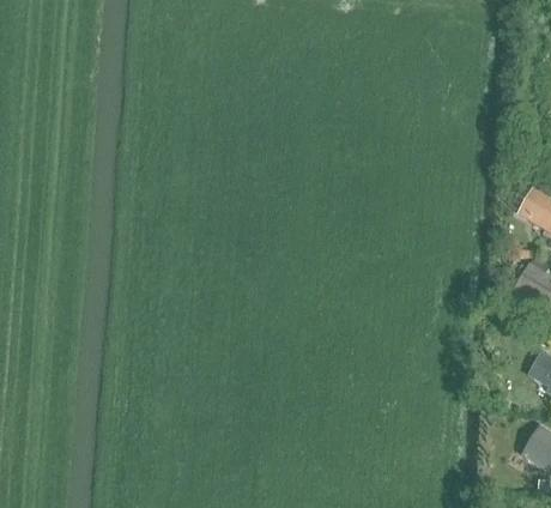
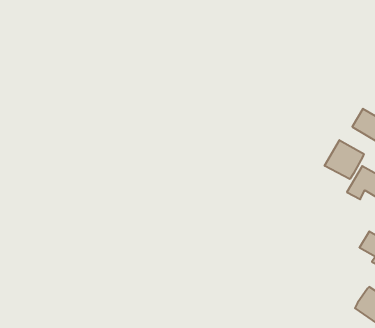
building: none -> [325,140,364,179]

